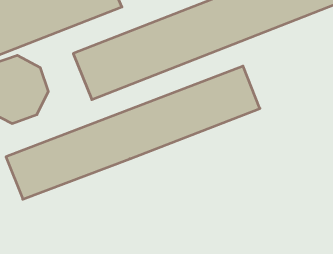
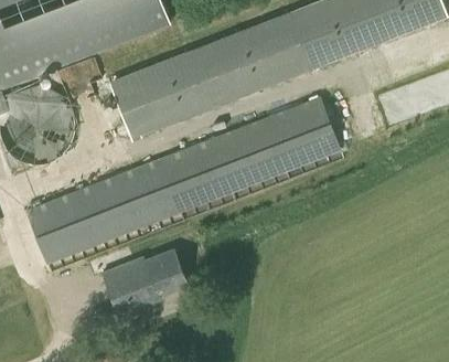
building: none -> [103,249,188,316]

